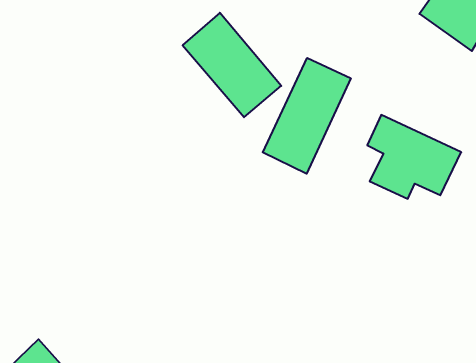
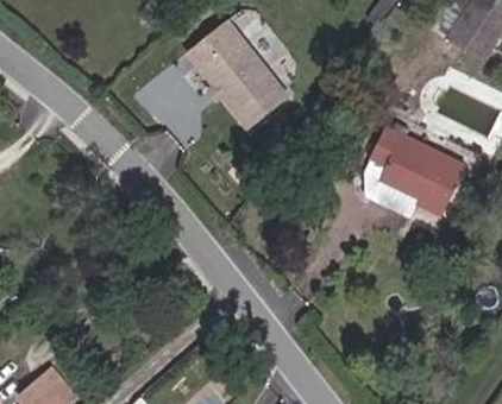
building: [263,58,351,174] -> none

